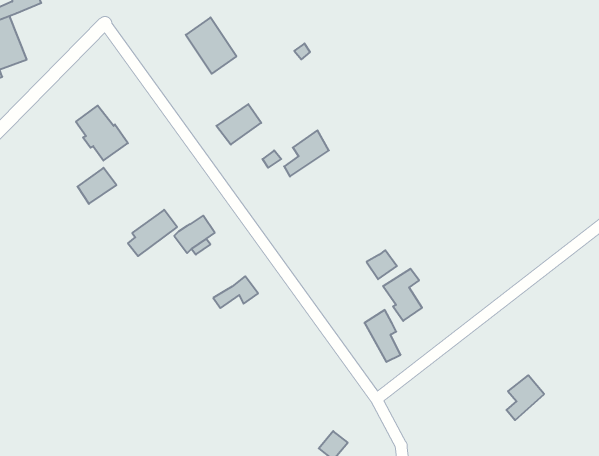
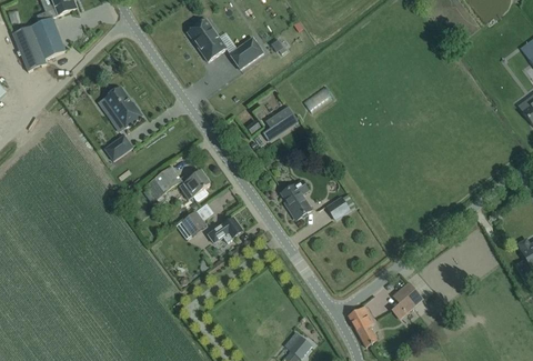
building: [216,104,261,145] -> [229,37,263,68]
building: none -> [175,210,207,239]
building: [383,269,422,321] -> [281,179,311,219]
building: [364,310,401,362] -> [349,305,376,345]
building: [506,375,544,420] -> [392,282,421,317]

